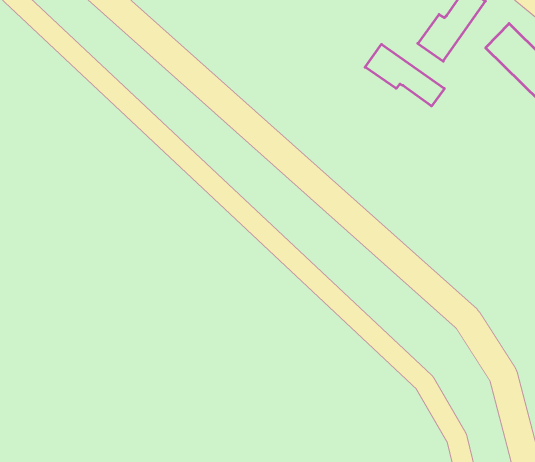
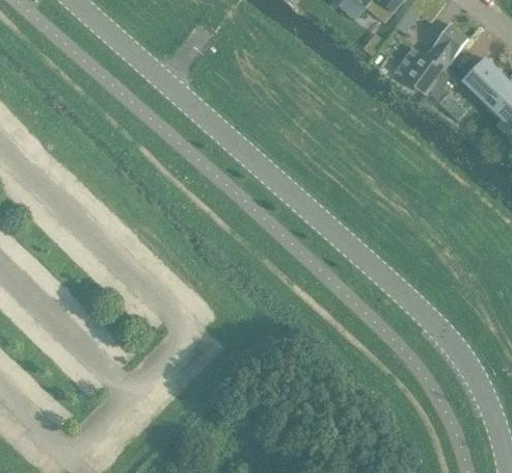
building: [365,44,444,106] -> none

